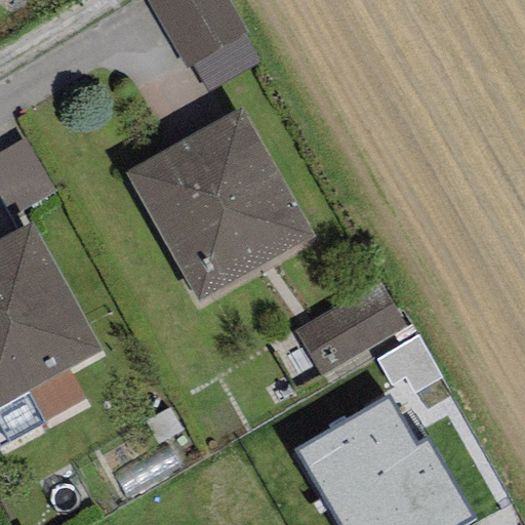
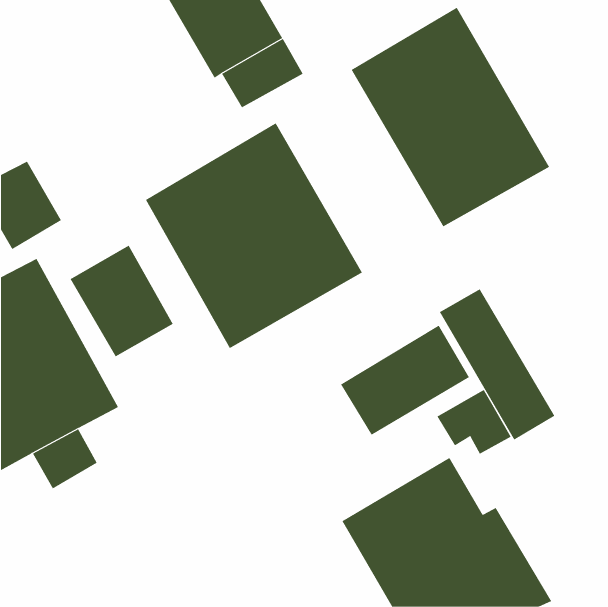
building: none -> [351,7,550,227]
building: none -> [70,245,174,357]
building: none -> [439,289,555,440]

